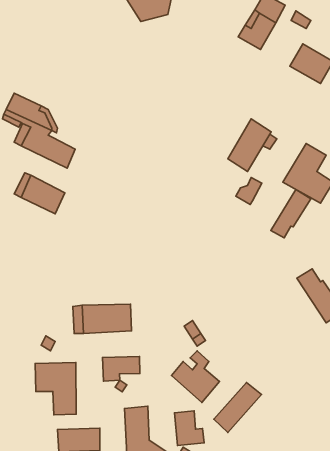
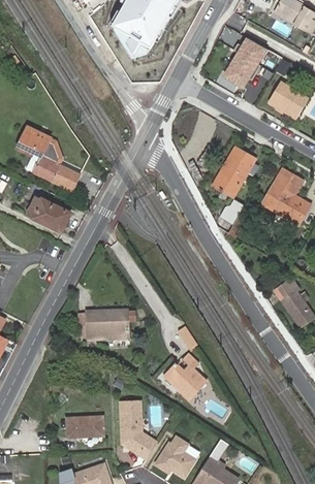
building: [271,189,311,238] -> none
building: [103,356,140,381] -> none
building: [35,362,76,415] -> none
building: [214,382,262,433] -> none
building: [175,411,204,445] -> none

